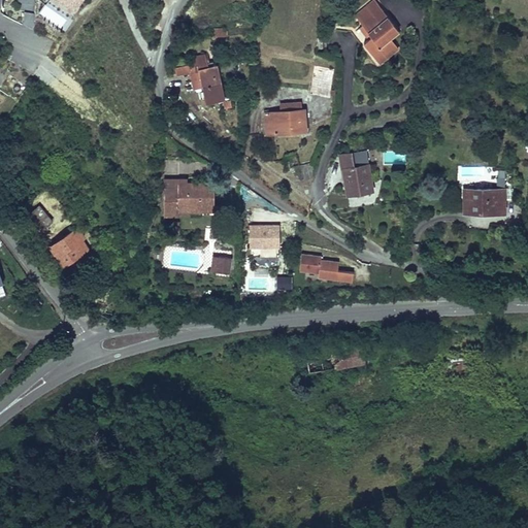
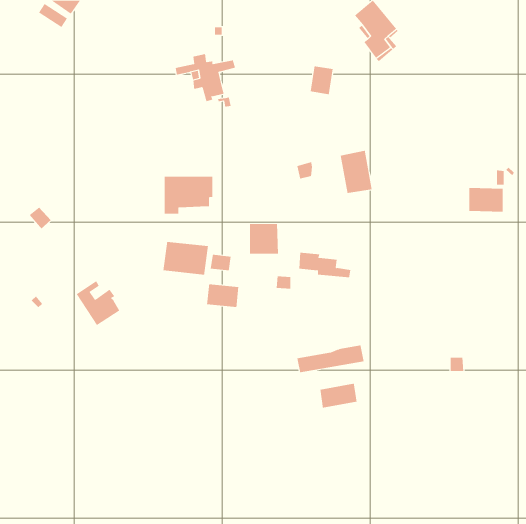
building: [265,111,306,135] -> none
building: [43,222,88,267] -> [76,281,120,326]
building: none -> [163,241,208,275]
building: none -> [206,283,239,308]
building: none -> [320,383,357,409]

